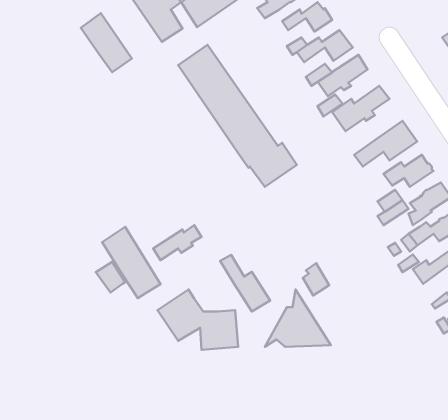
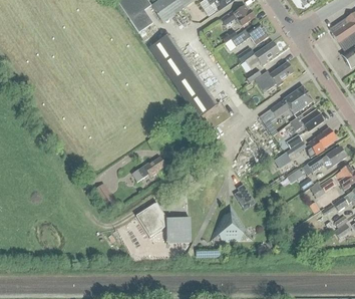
building: [81,13,132,72] -> none
building: [102,227,160,298] -> none
building: [220,255,270,312] -> none

